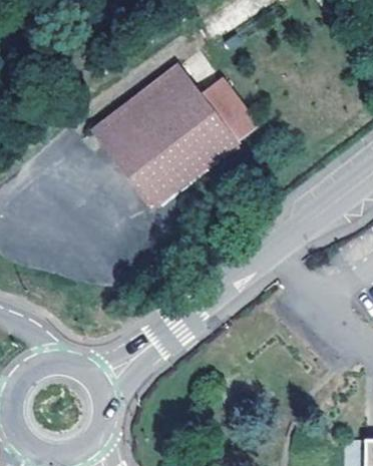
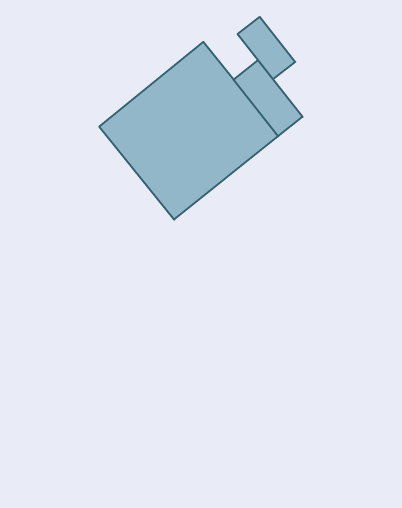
building: none -> [238,17,295,79]

